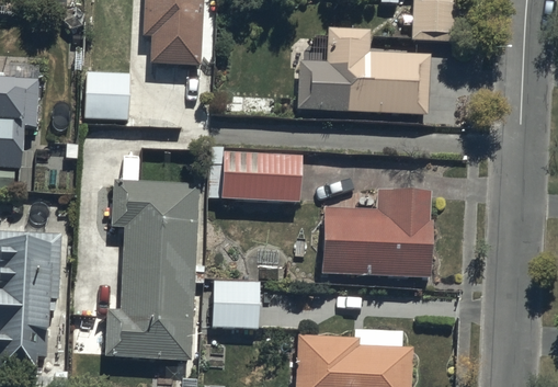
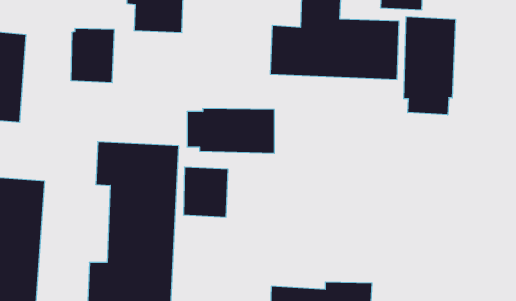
building: none -> [404,17,455,115]
building: [319,185,432,275] -> none
building: [212,276,259,329] -> [183,167,228,217]

